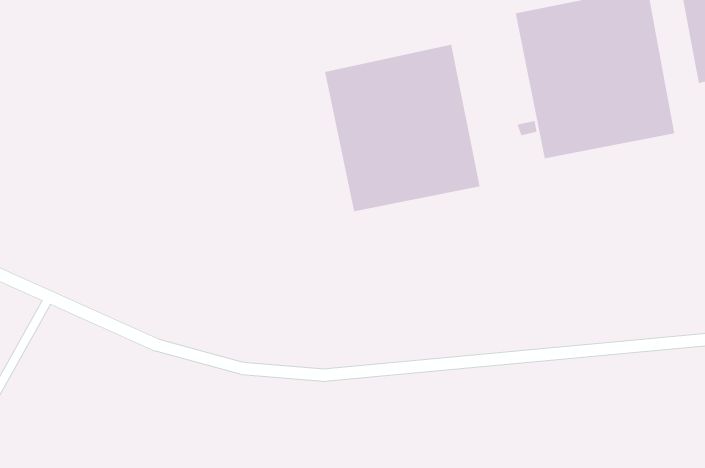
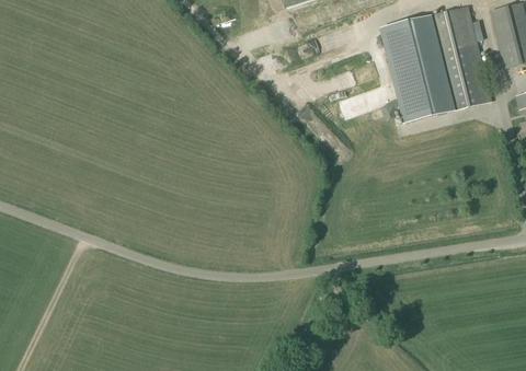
building: [324,44,480,212] -> none

